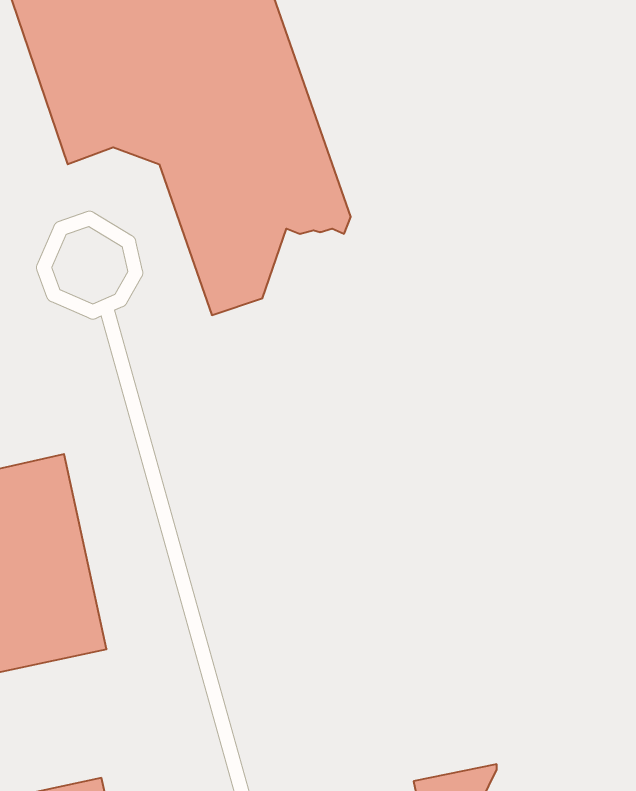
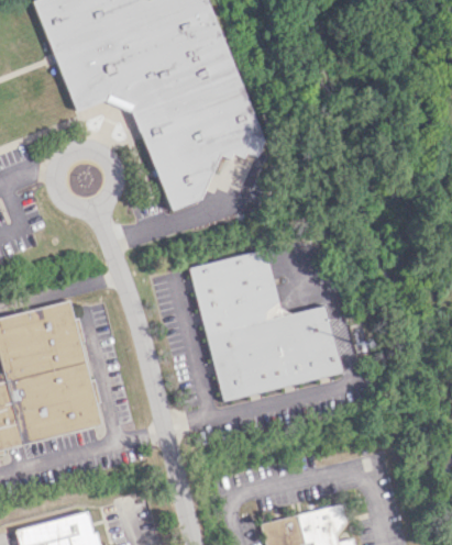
building: none -> [192,249,340,399]

